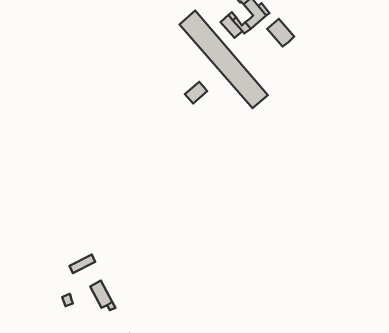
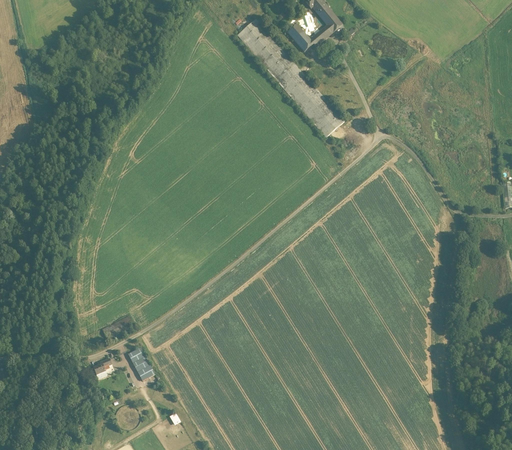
building: [267,19,294,47] -> none
building: [185,82,207,104] -> none

